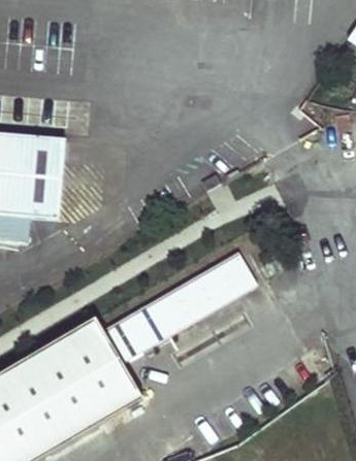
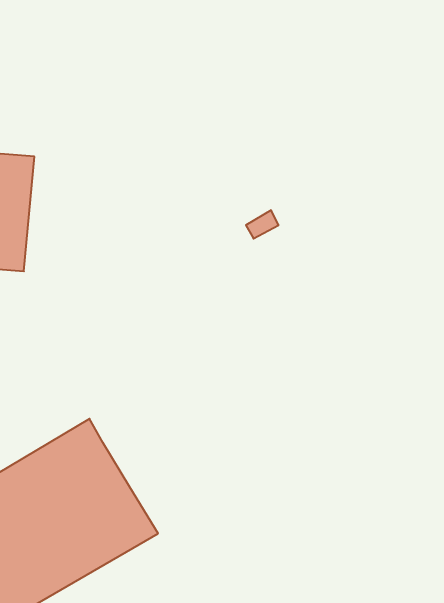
building: [103,251,257,364] -> none

